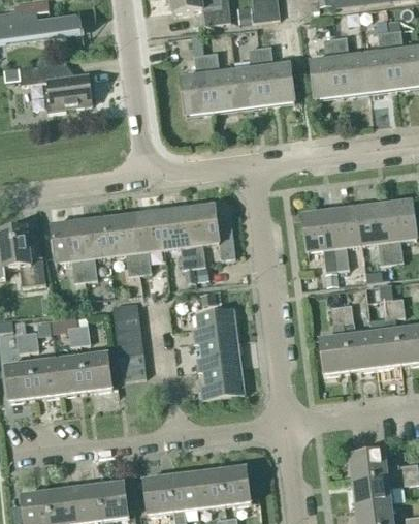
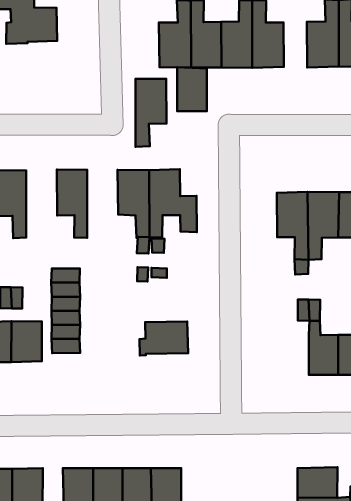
building: none -> [177,67,207,111]
building: [132,210,164,273] -> [136,79,167,147]
building: [78,216,110,279] -> none
building: [193,307,236,342] -> none
building: [319,335,349,373] -> none
building: [200,364,244,398] -> none

